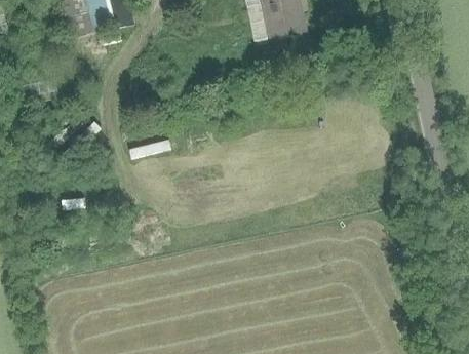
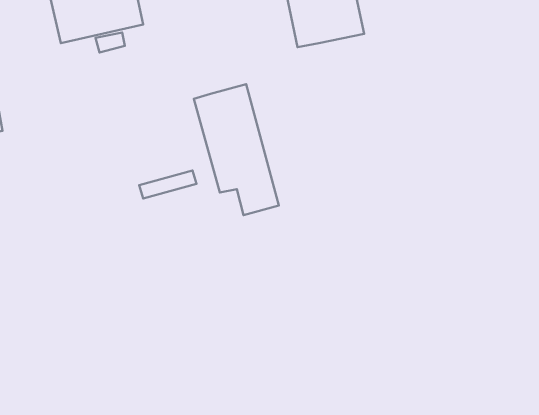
building: none -> [194,84,279,215]

